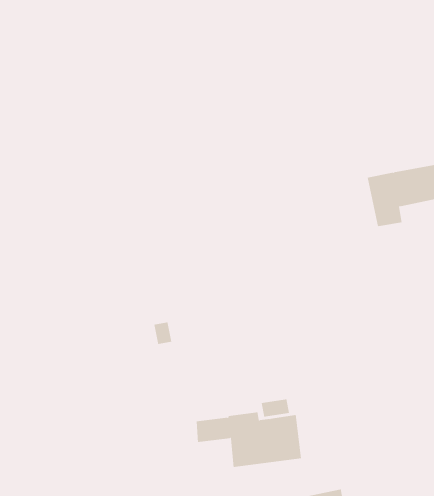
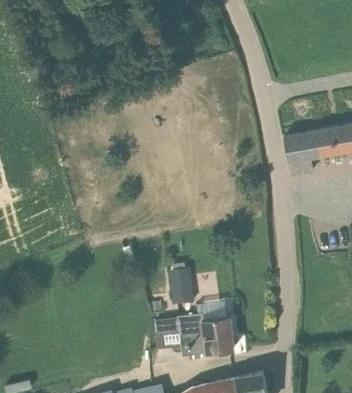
building: none -> [168,268,194,304]

